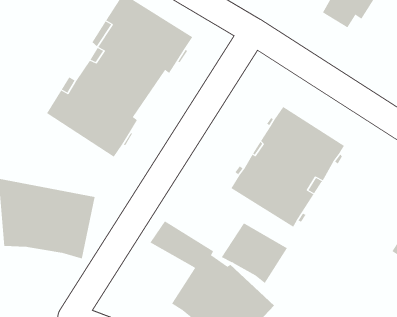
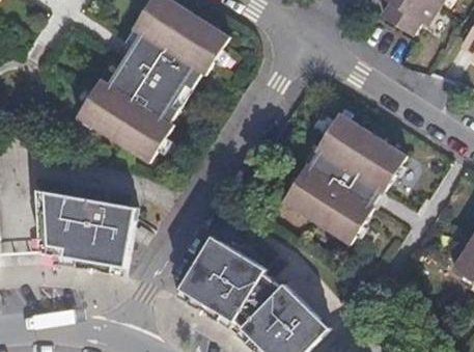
building: [221,223,288,284] -> [173,258,244,322]

